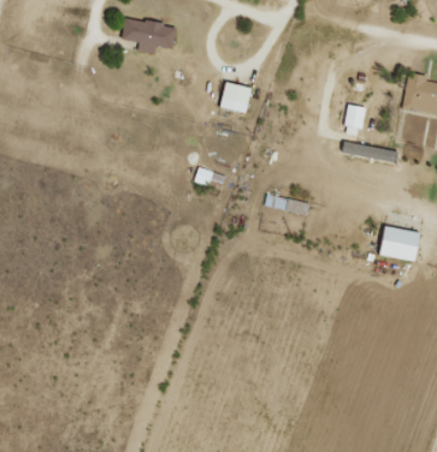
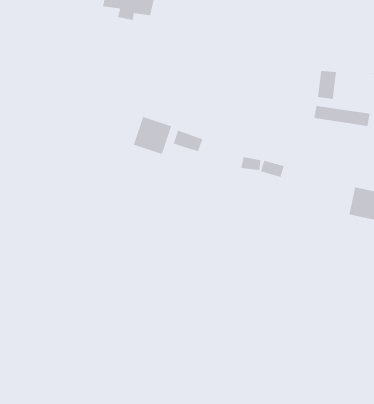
building: [219,83,253,113] -> none
building: none -> [133,116,172,155]

